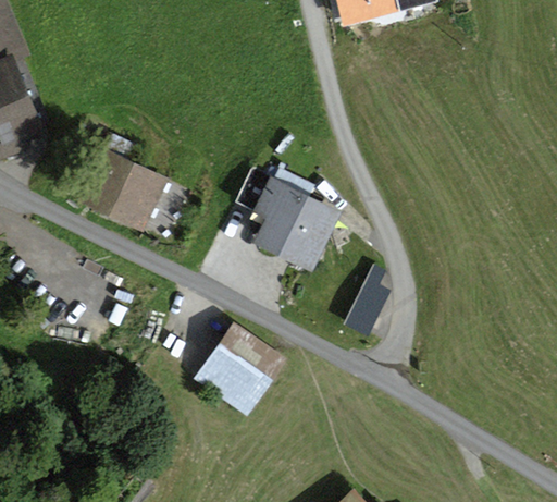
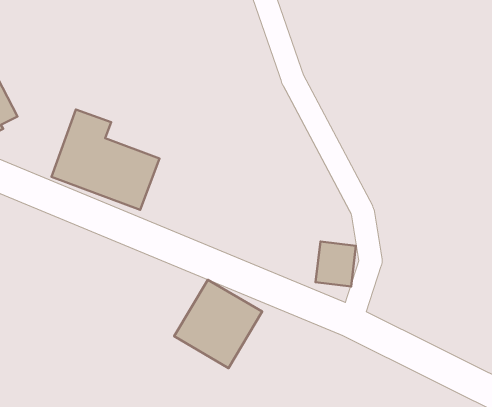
building: [232,167,339,271] -> none

